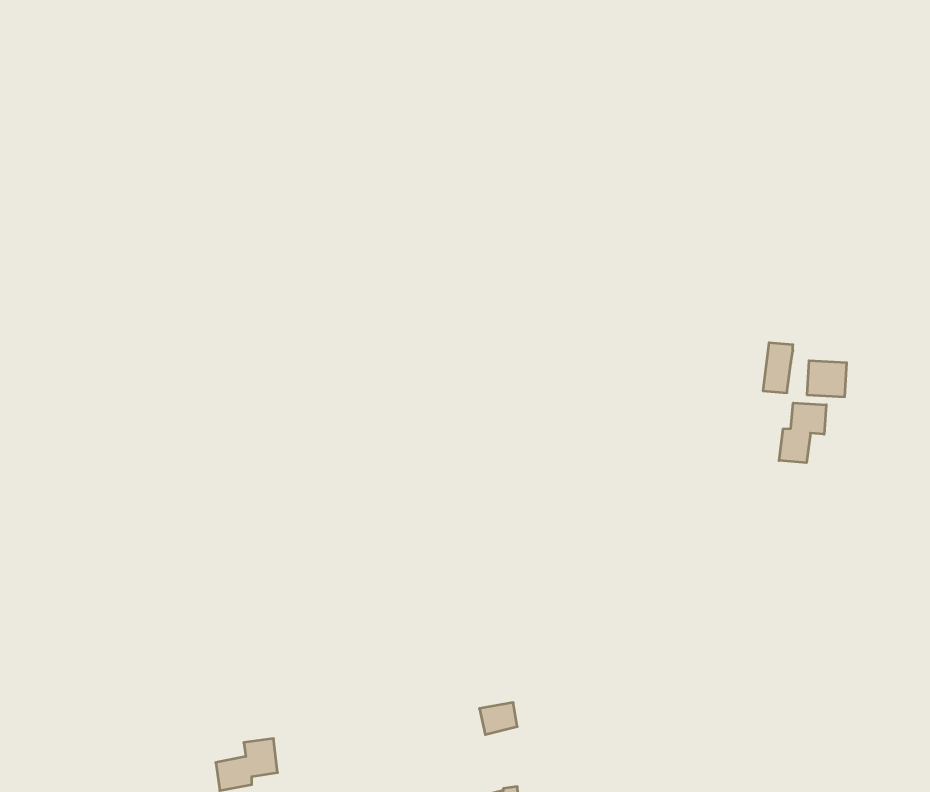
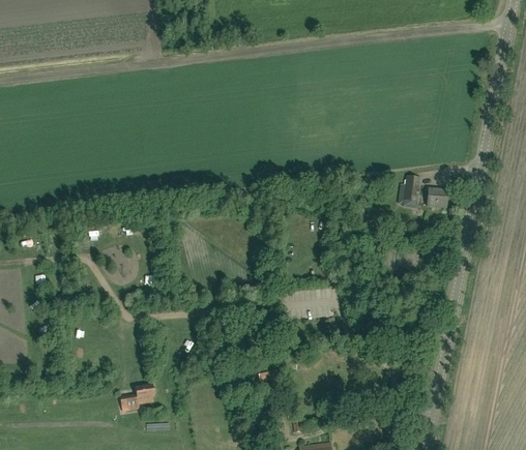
building: [779,403,826,463] -> none

